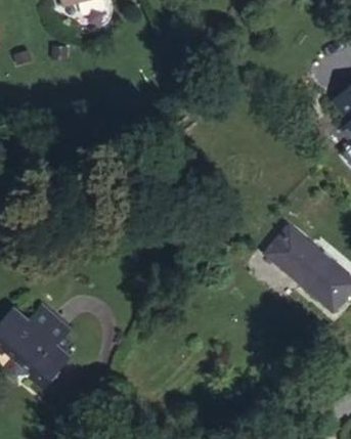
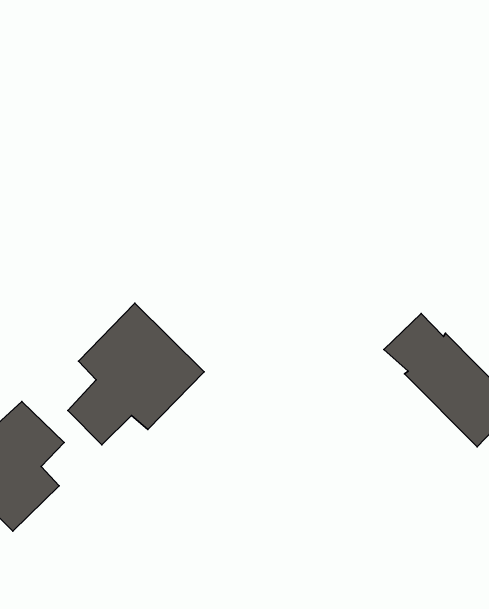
building: none -> [68,303,204,445]

